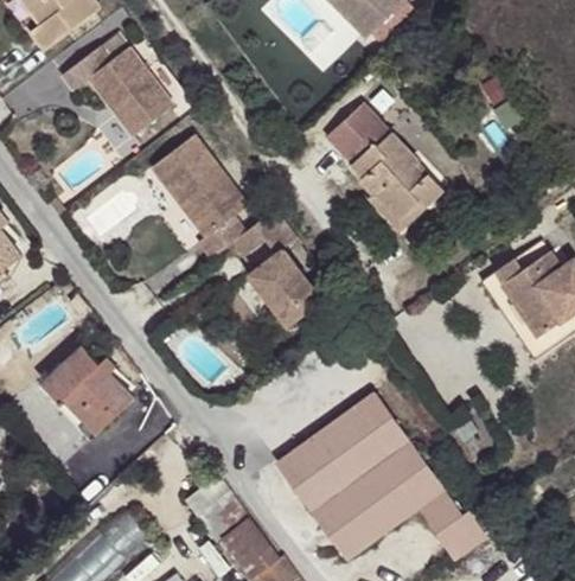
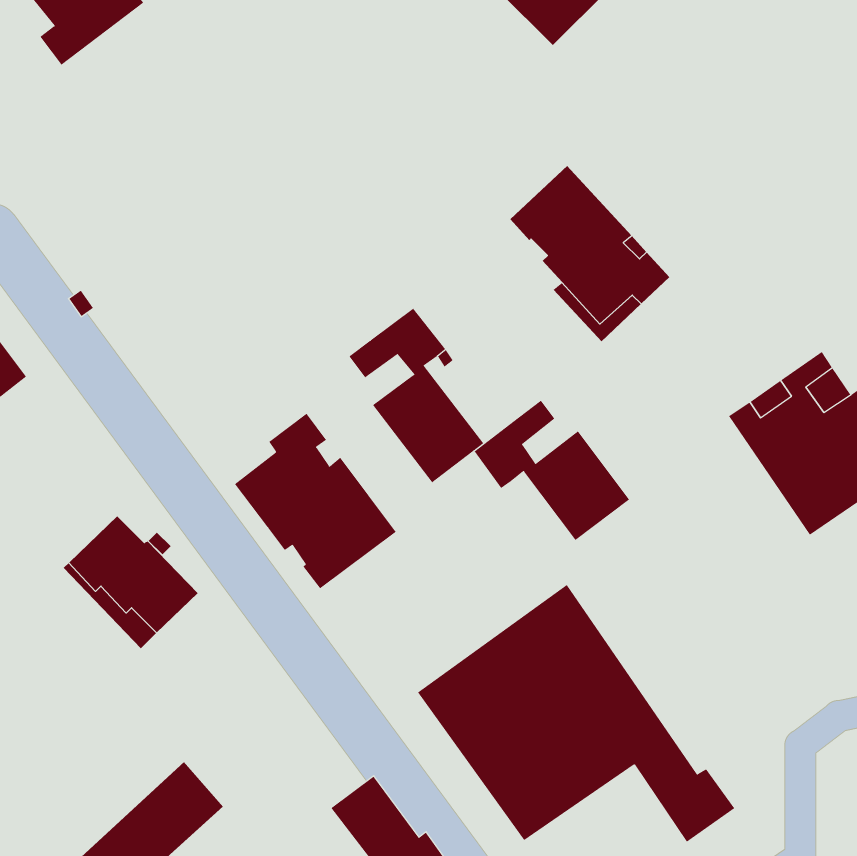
building: [62,31,173,134] -> none
building: [151,133,248,257] -> none
building: none -> [474,400,630,541]
building: none -> [234,413,396,589]
building: [184,474,248,541] -> none

